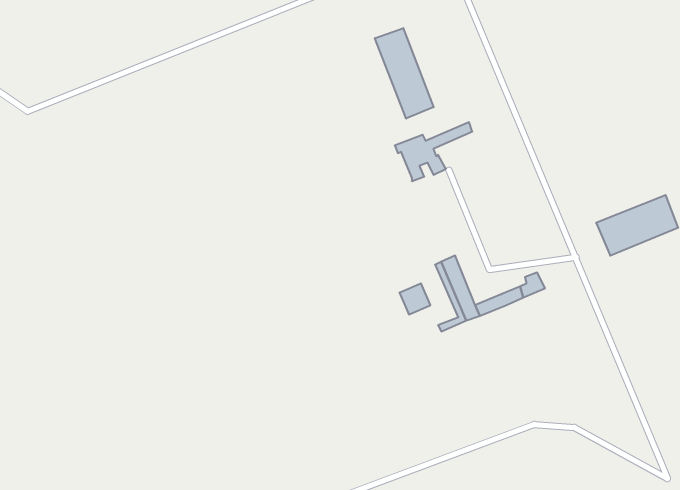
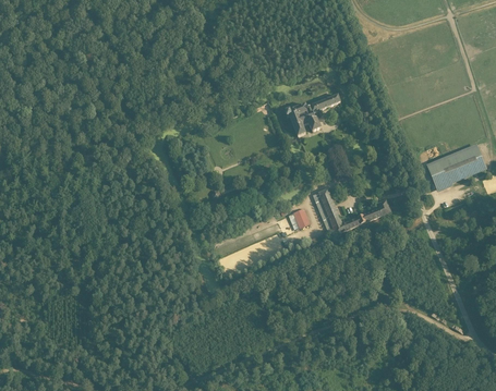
building: [375,28,434,119] -> none

